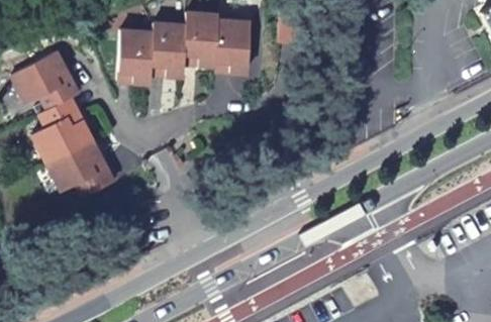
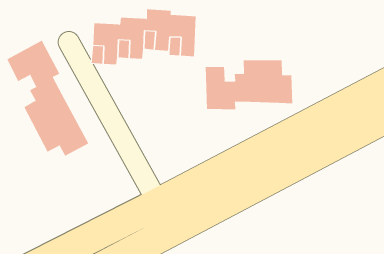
building: none -> [205,59,293,110]

